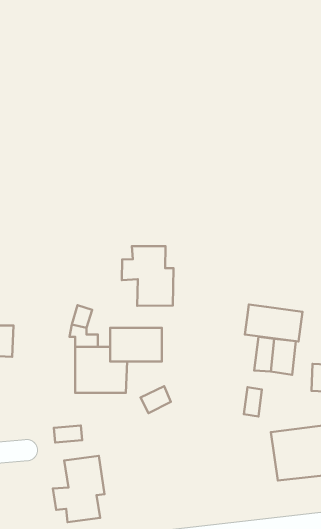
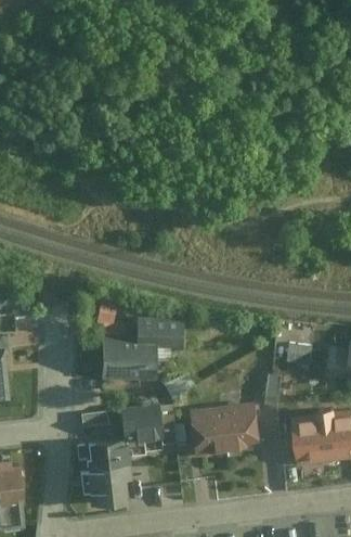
building: [122,246,173,306] -> none
building: [245,305,303,342] -> none
building: none -> [187,402,261,457]
building: none -> [127,411,168,440]

